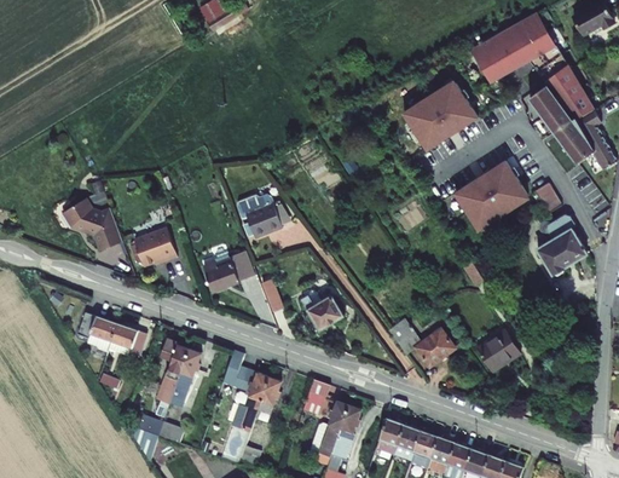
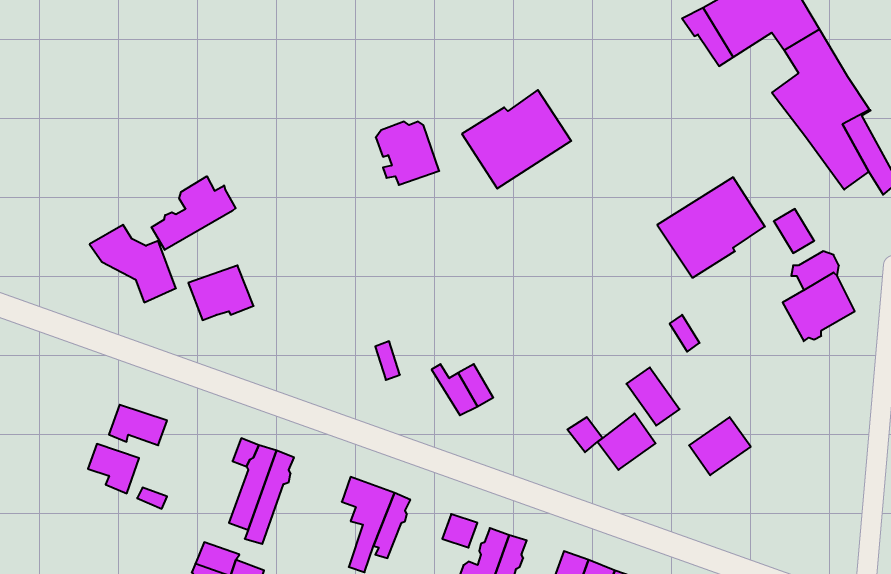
building: [401,82,476,150] -> [462,90,571,189]
building: none -> [151,176,236,250]
building: [237,191,280,235] -> [376,122,439,185]
building: [201,246,253,287] -> none
building: none -> [626,367,680,426]
building: [110,328,145,362] -> [88,444,139,493]

